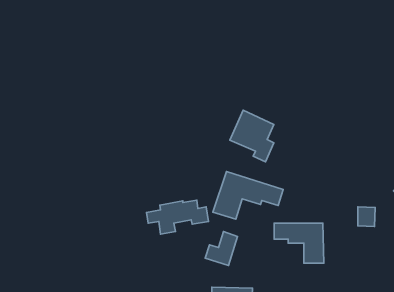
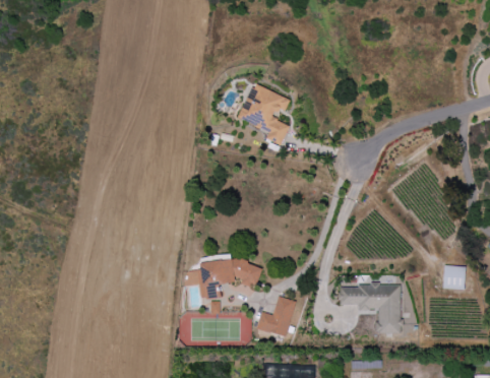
building: [230,110,274,162] -> [237,82,291,145]
building: [213,172,283,219] -> none

